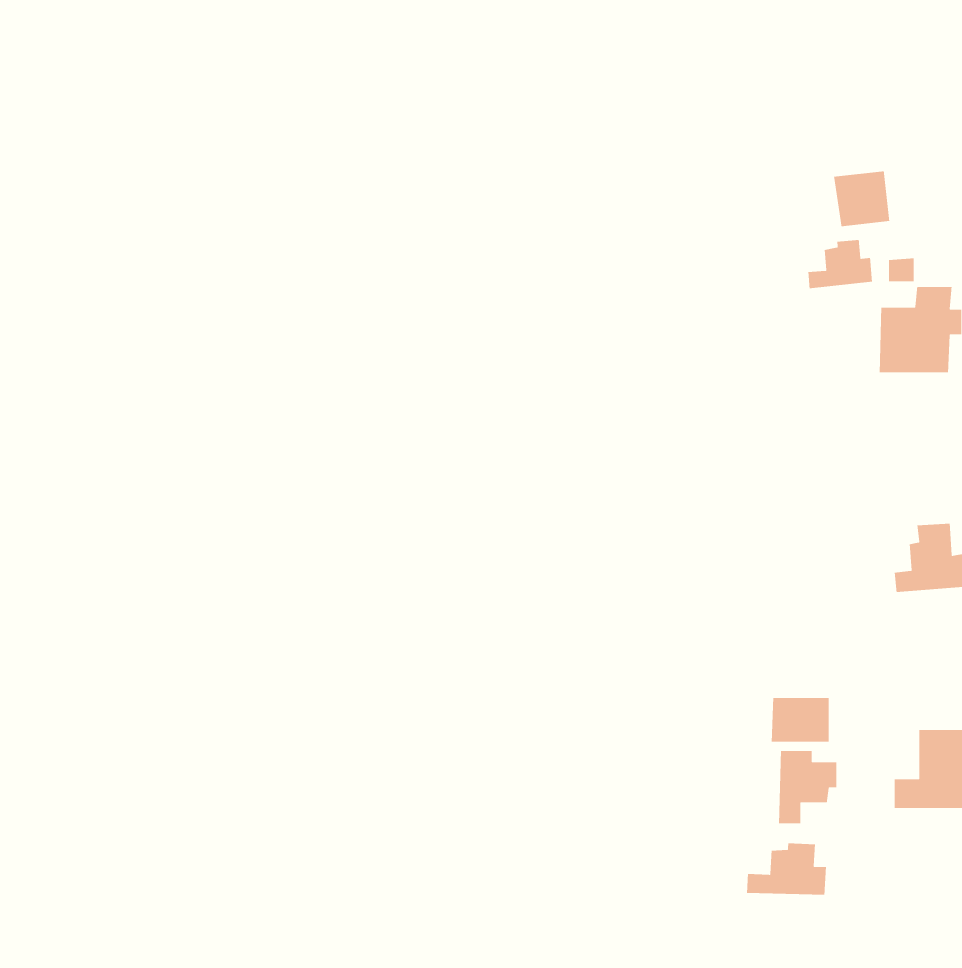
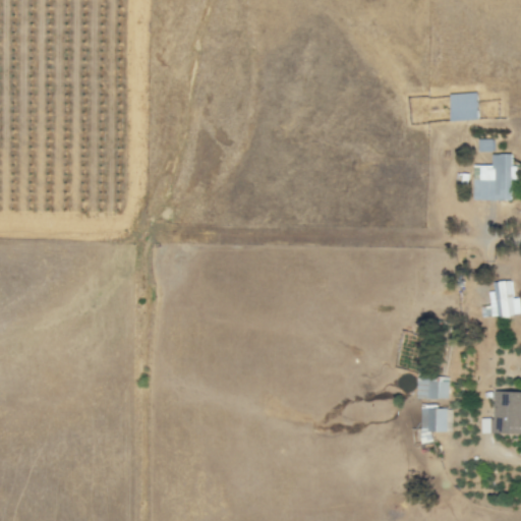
building: [807,239,873,289] -> none
building: [746,842,827,896] -> none

